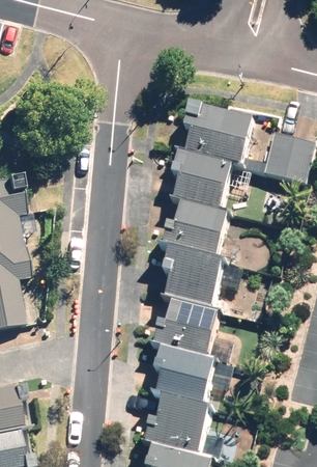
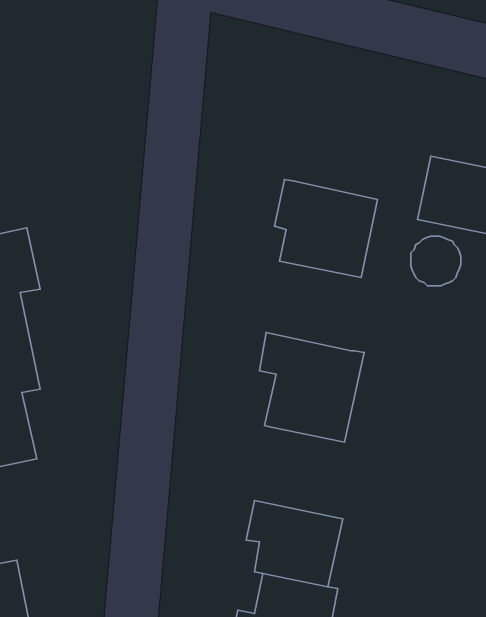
building: [181,100,257,162] -> none
building: [163,199,229,254] -> none
building: [152,302,219,358] -> none

